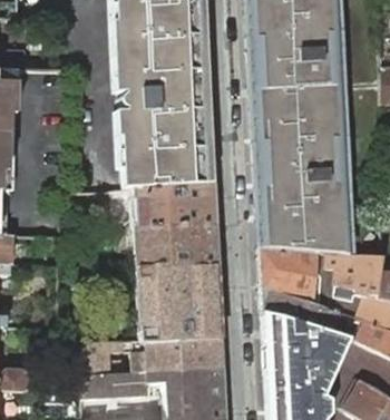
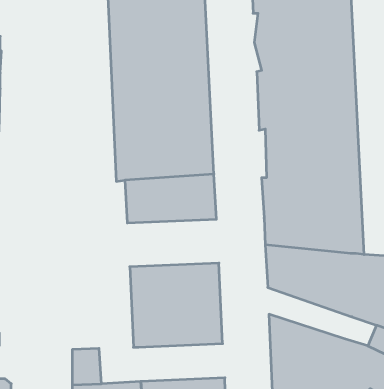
building: [133,223,216,266] -> none
building: [261,285,338,332] -> none
building: [143,336,222,371] -> none

